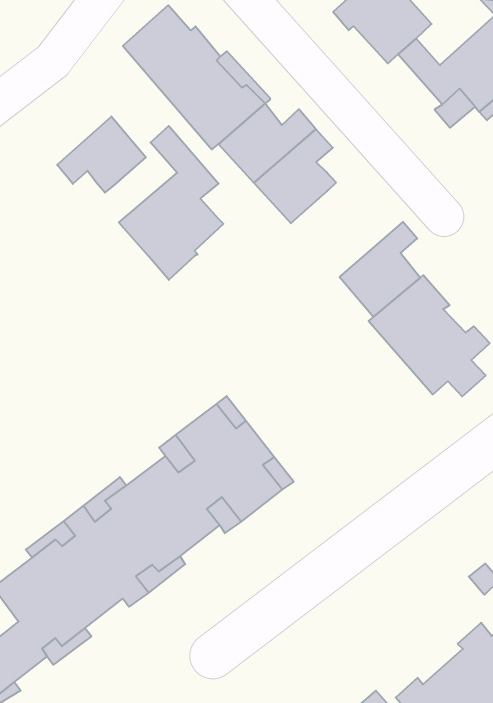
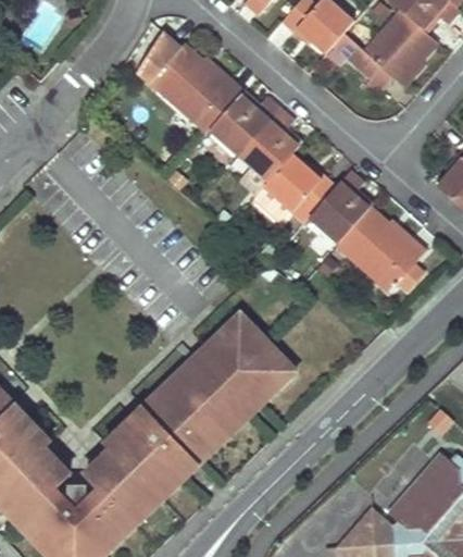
building: [57,116,146,193] -> none
building: [119,126,223,280] -> none
building: none -> [266,153,340,222]

